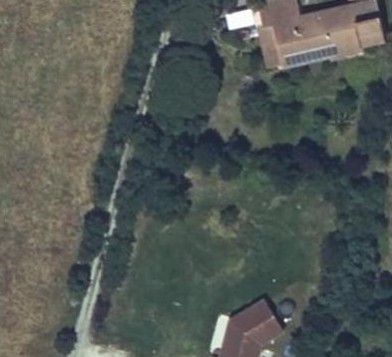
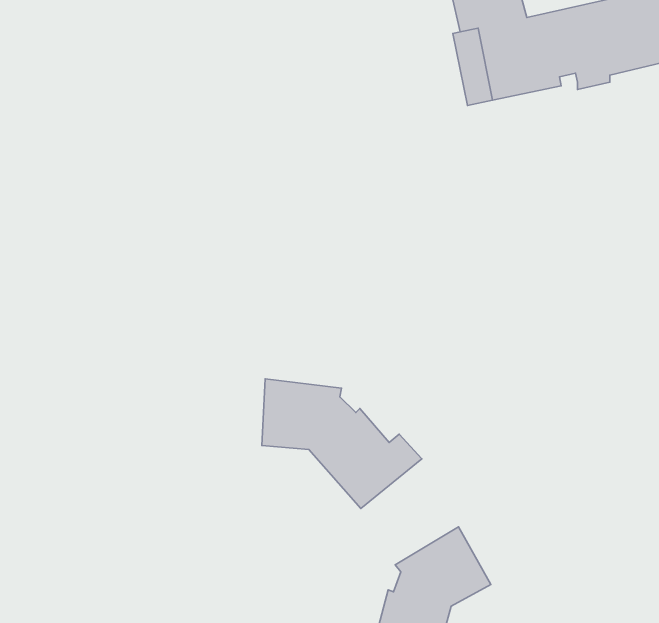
building: none -> [262,379,422,508]

